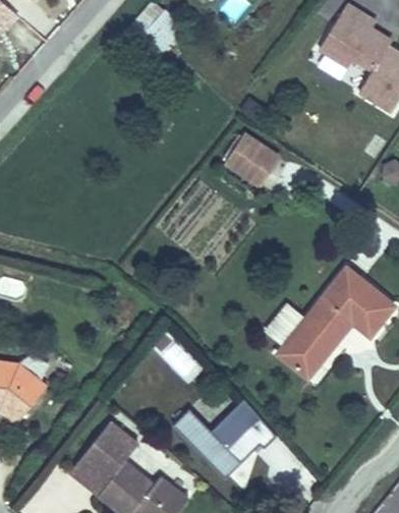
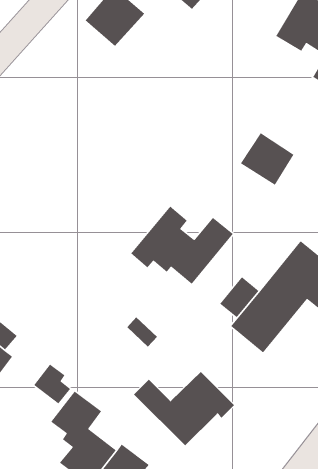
building: [223,133,280,189] -> [240,132,295,186]
building: none -> [130,205,234,285]
building: [68,454,108,497] -> [33,364,71,405]

